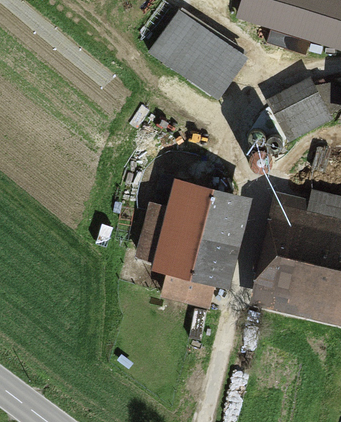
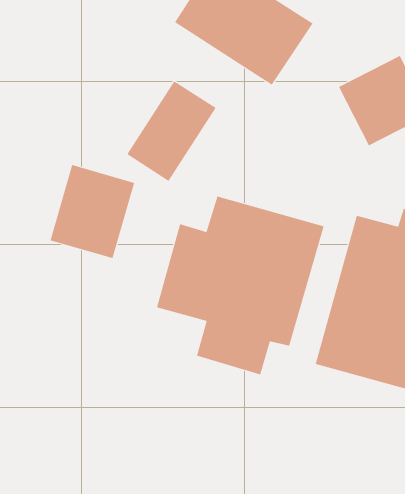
building: none -> [126,80,216,182]
building: none -> [50,164,135,259]

